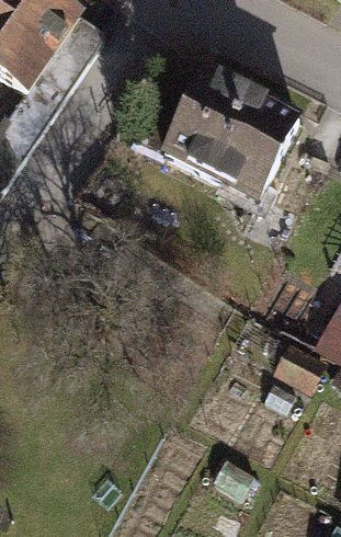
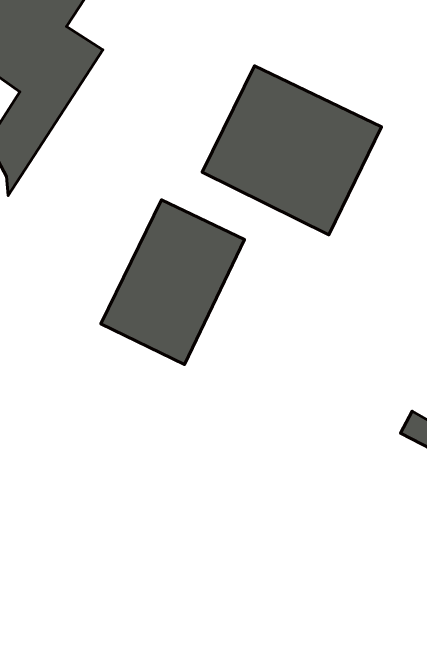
building: none -> [101,200,245,364]

